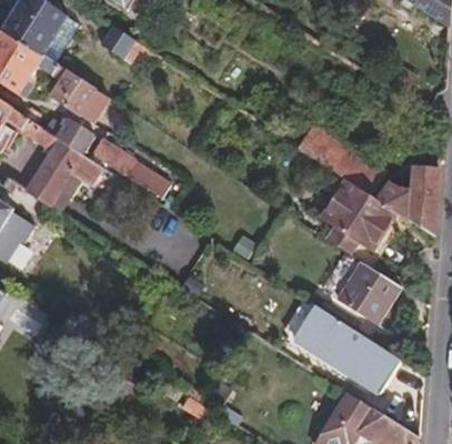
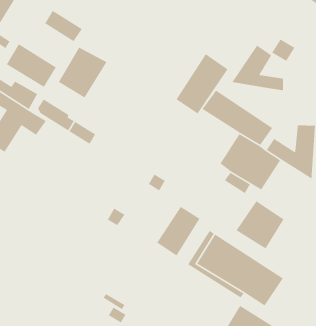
building: none -> [231,44,284,91]
building: none -> [58,47,107,99]
building: none -> [175,53,229,115]
building: none -> [156,206,201,257]

